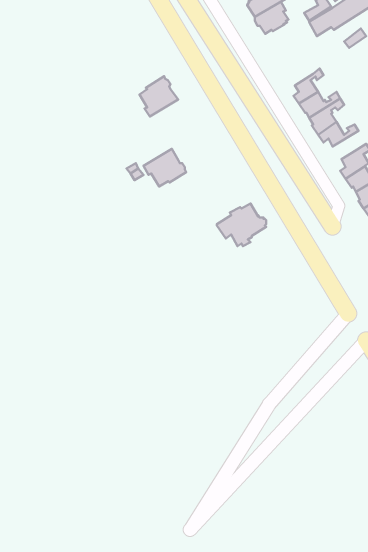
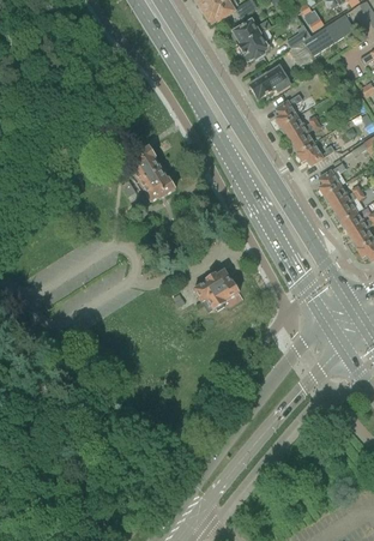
building: none -> [247,65,290,98]
building: [139,76,178,116] -> [126,145,162,182]
building: [217,203,266,246] -> [193,270,239,309]

